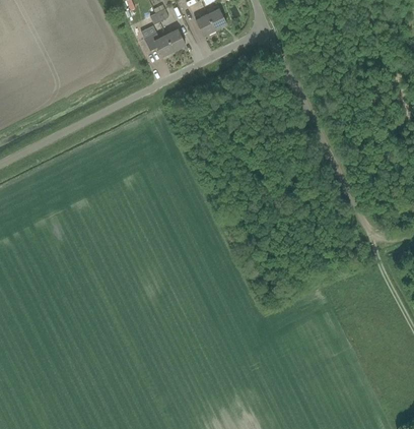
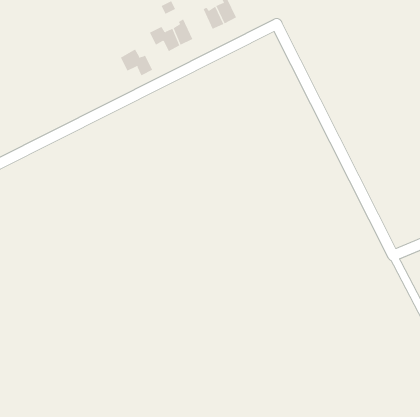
building: none -> [120,48,153,76]

